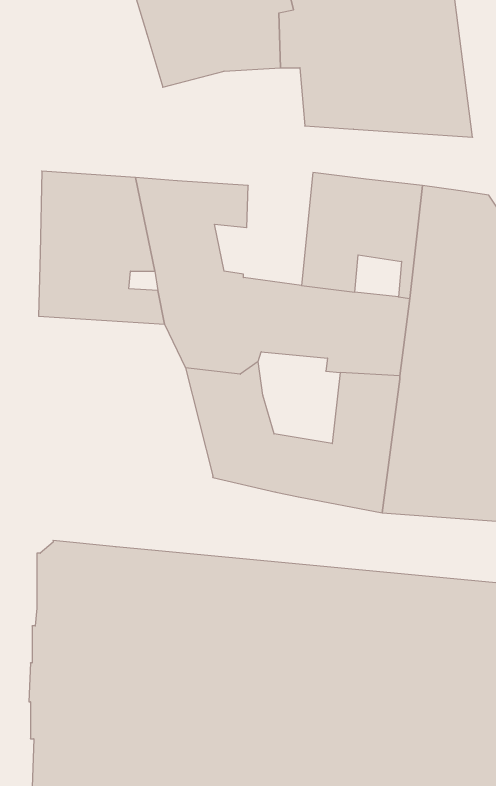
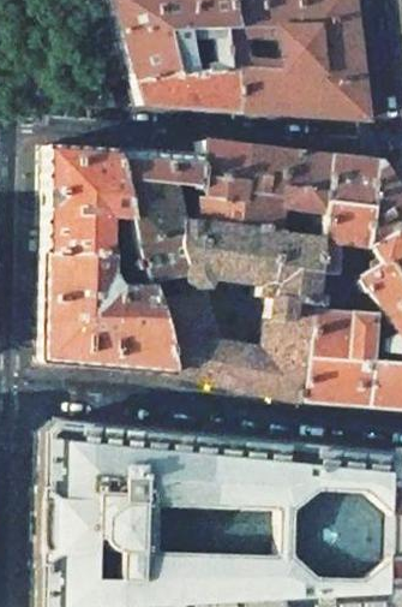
building: none -> [144,70,250,113]
building: none -> [204,142,256,232]
building: none -> [50,255,181,374]

